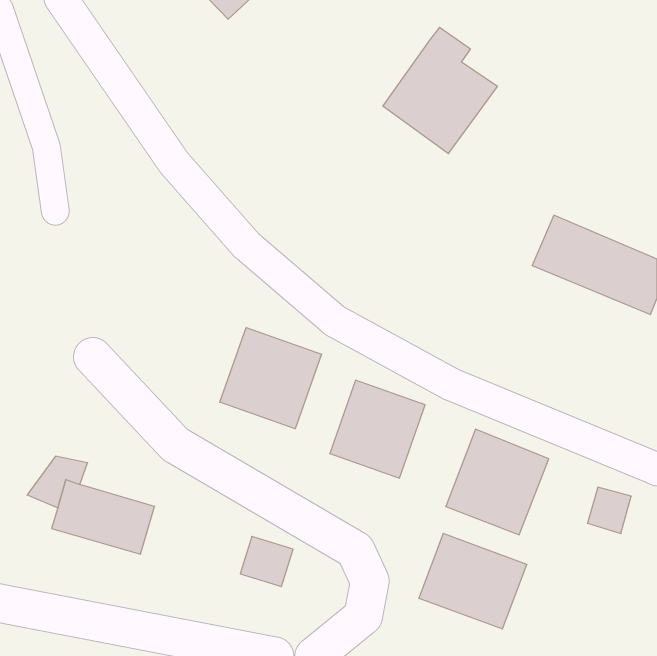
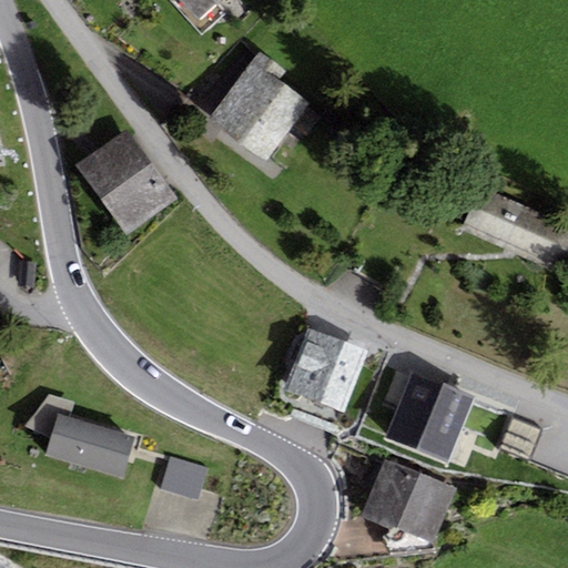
building: [383,27,497,154] -> [210,51,308,160]
building: none -> [75,129,176,235]
building: [220,328,322,429] -> none
building: [240,536,293,587] -> [161,455,206,498]

